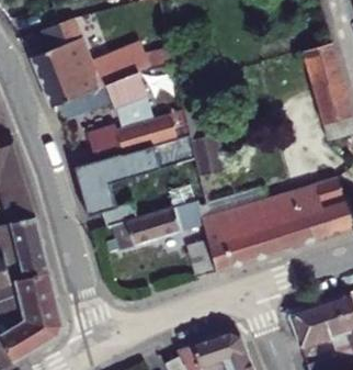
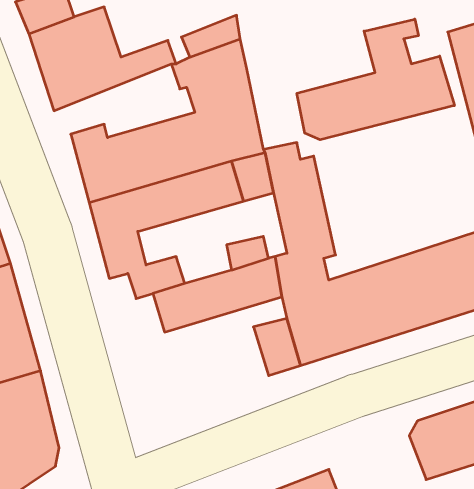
building: none -> [297,19,454,140]

